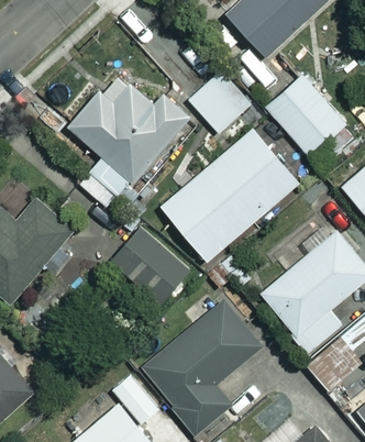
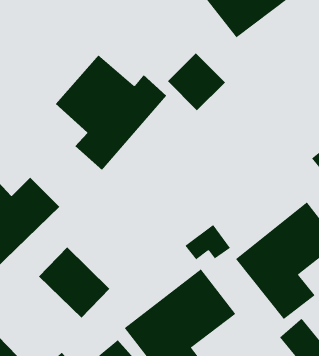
building: [266,76,345,165] -> none
building: [162,130,297,261] -> none
building: [112,229,189,306] -> [38,247,110,319]

